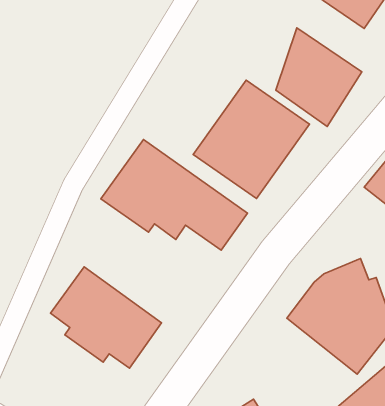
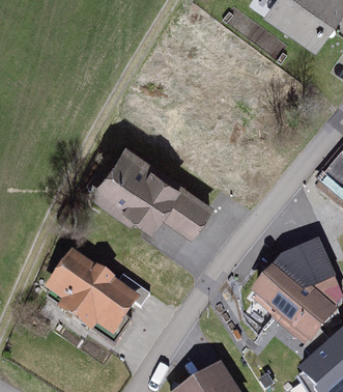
building: [276,28,362,126] -> none
building: [193,80,310,199] -> none

